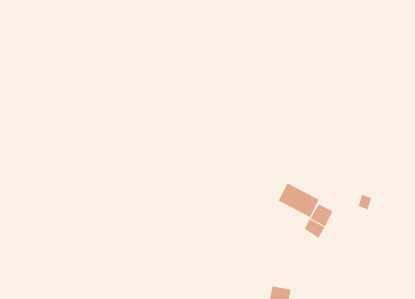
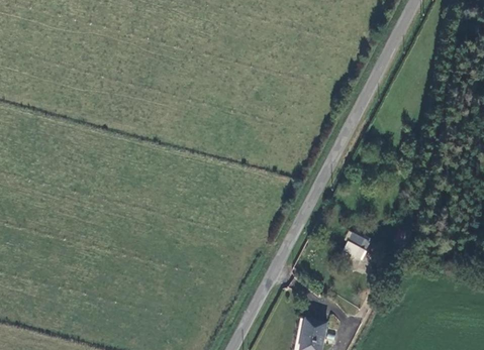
building: [278,183,320,218] -> none

